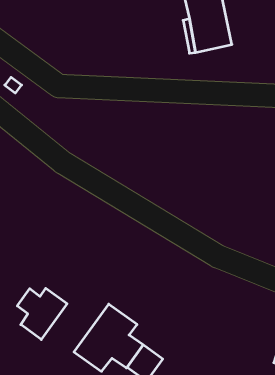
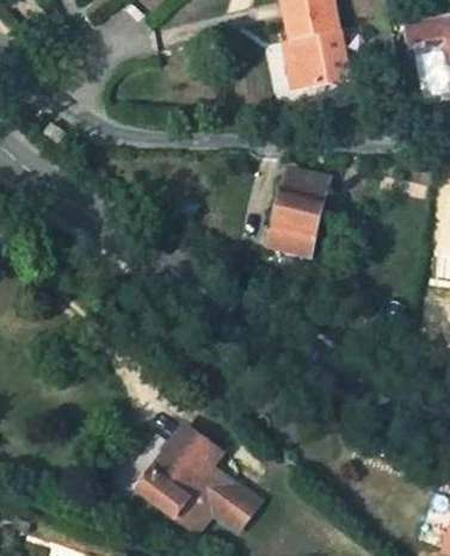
building: none -> [271,169,328,257]
building: [17,288,67,340] -> none

